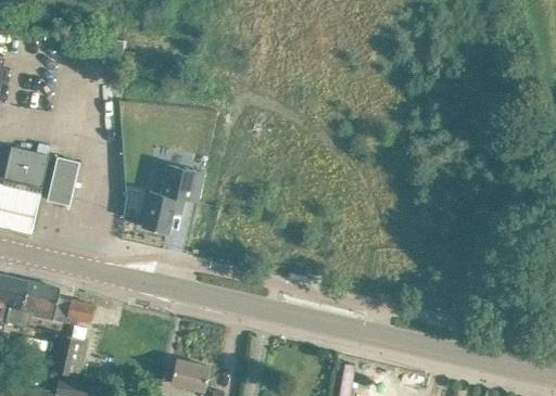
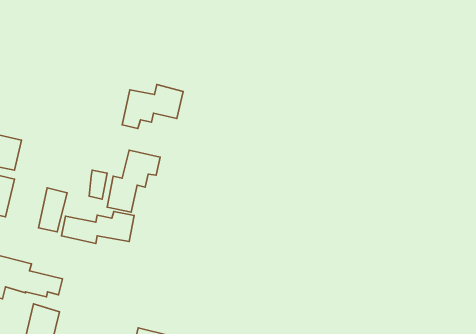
building: none -> [122,85,183,128]
building: [47,157,78,205] -> [38,188,67,232]
building: none -> [61,212,134,243]

